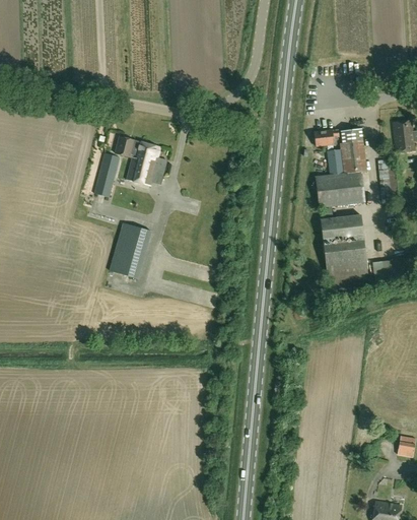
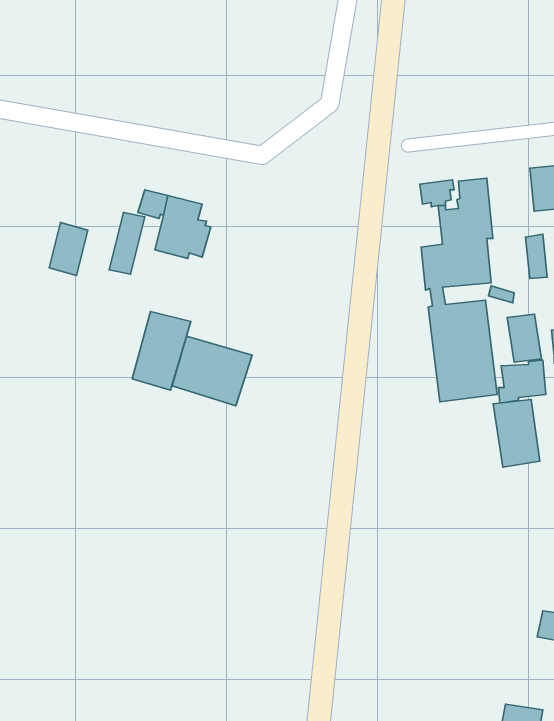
building: none -> [49,223,88,275]
building: none -> [507,314,541,362]
building: none -> [172,336,252,406]
building: none -> [493,400,540,467]

